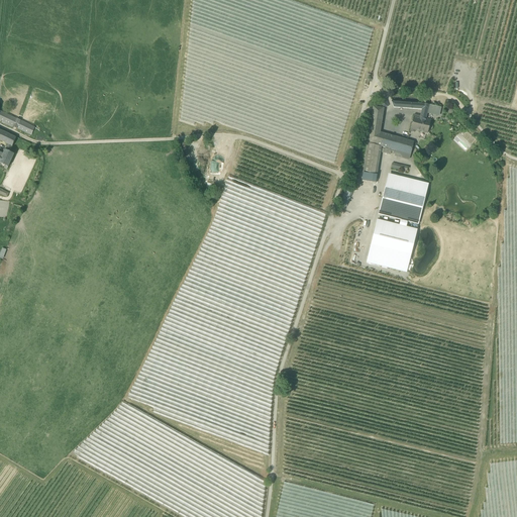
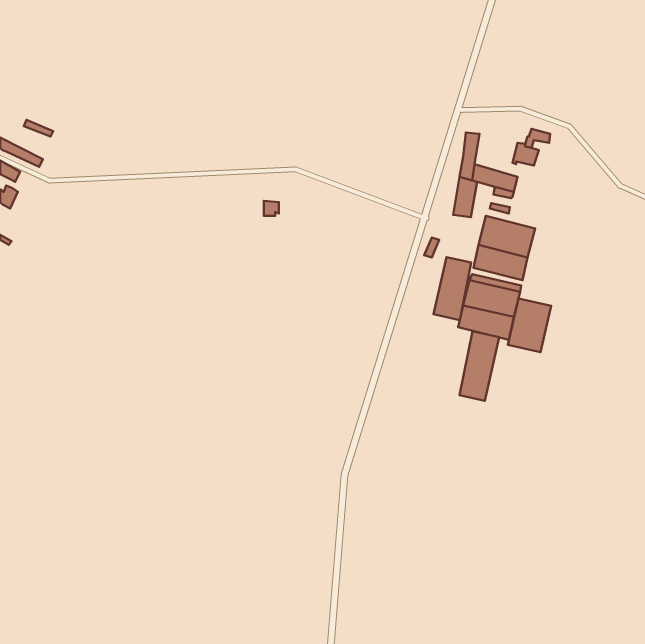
building: none -> [434,257,471,320]
building: none -> [508,298,551,352]
building: none -> [460,331,499,401]

